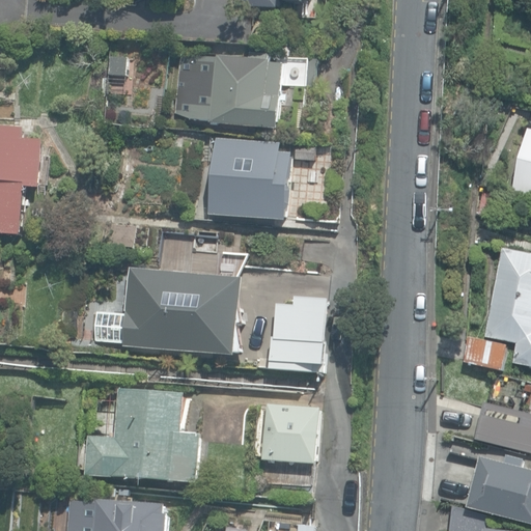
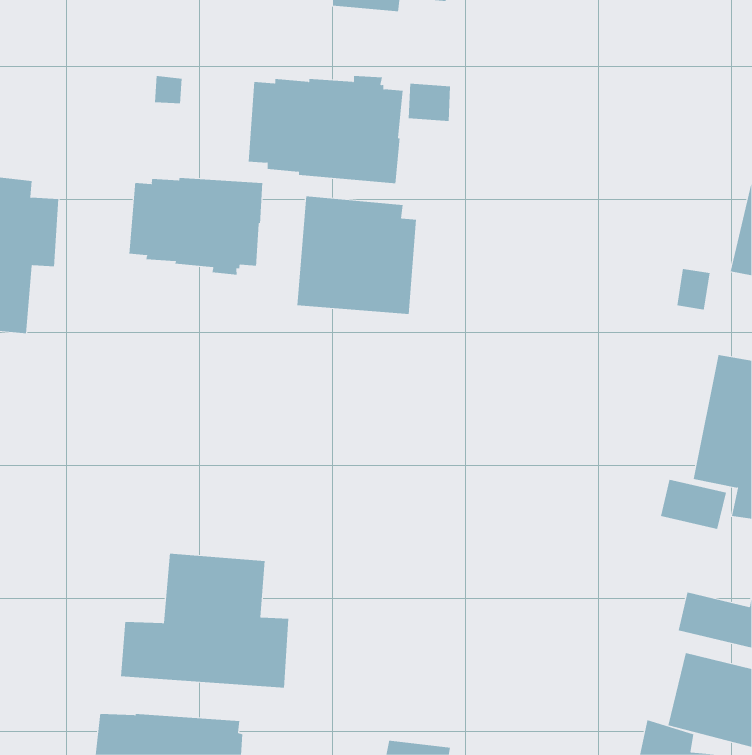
building: none -> [129,177,263,276]
building: [105,267,244,355] -> none
building: [267,296,328,372] -> none
building: [263,406,317,464] -> none

